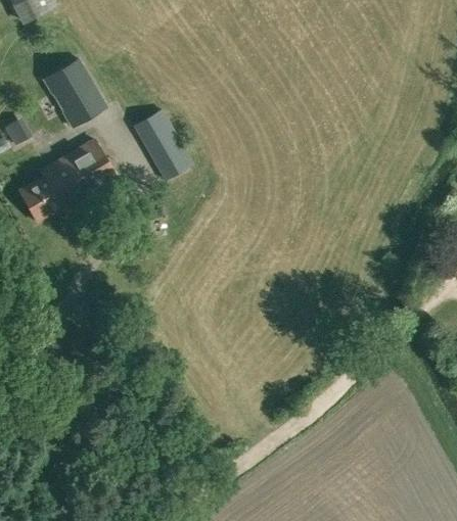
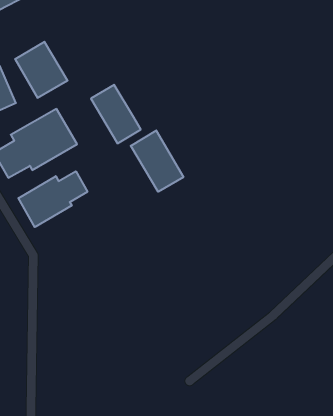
building: none -> [131,130,183,192]
building: none -> [18,171,87,227]

